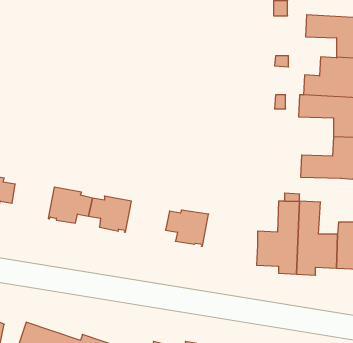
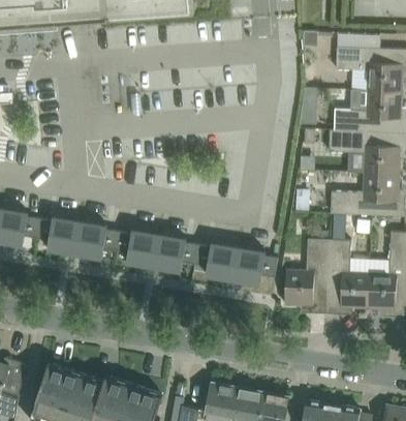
building: none -> [33,217,76,254]
building: none -> [150,237,195,274]
building: none -> [229,250,275,289]

